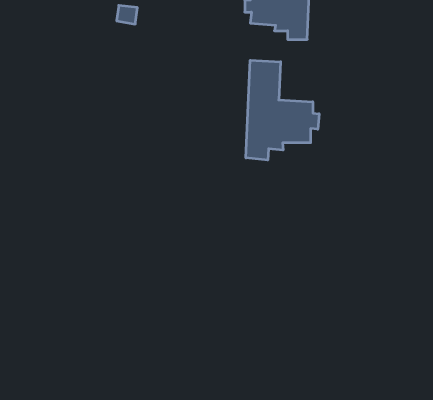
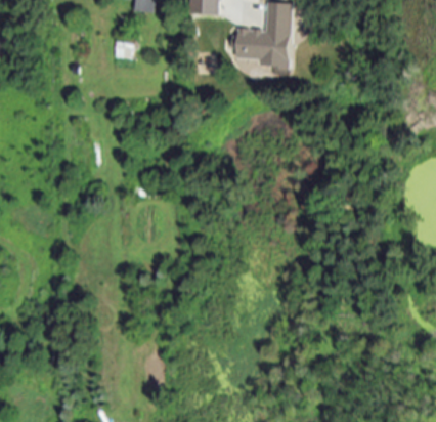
building: [246,60,319,160] -> none

